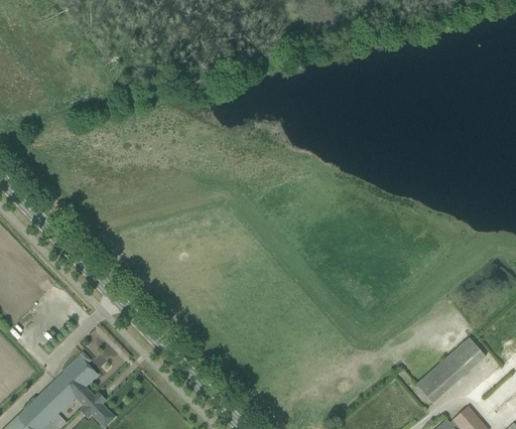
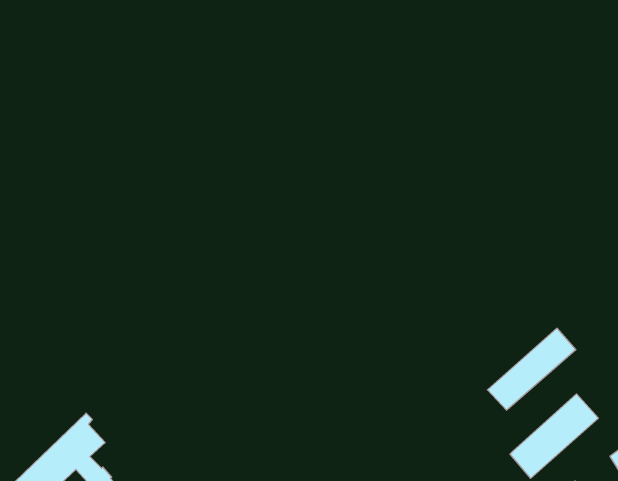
building: none -> [487,328,576,410]

